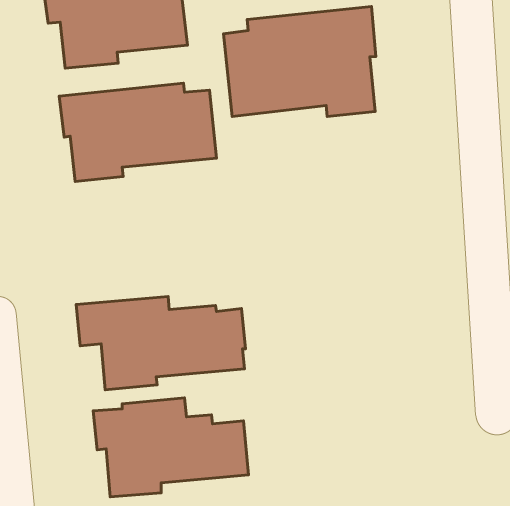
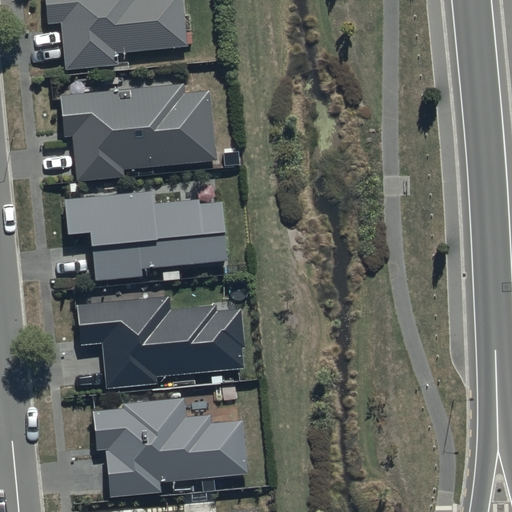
building: [223,6,376,117] -> none
building: none -> [63,190,229,280]

